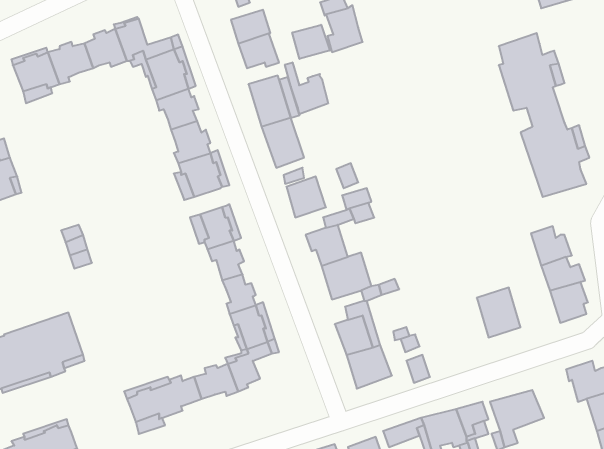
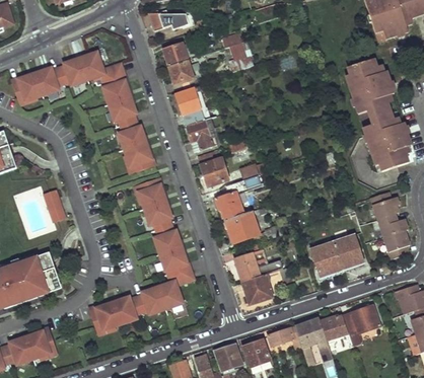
building: [292,25,330,59] -> none
building: [285,62,328,114] -> none
building: none -> [310,242,341,277]

